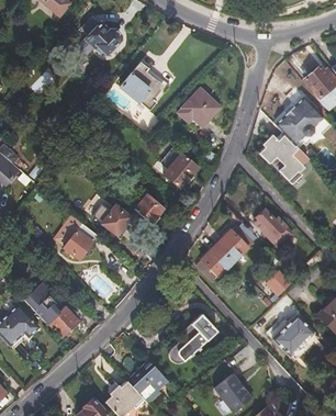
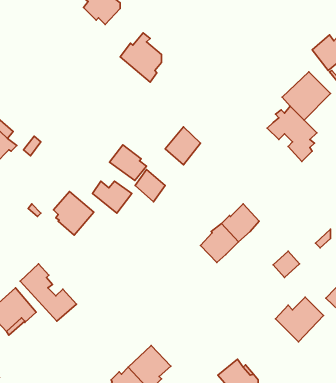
building: [177,89,220,127] -> none
building: none -> [110,145,146,181]
building: [254,209,294,249] -> none
building: [173,315,215,360] -> none

